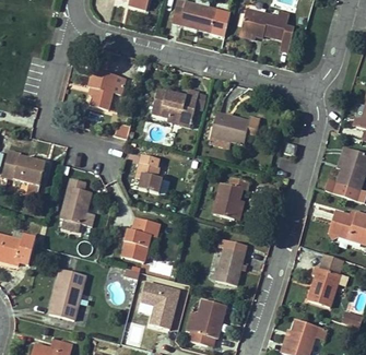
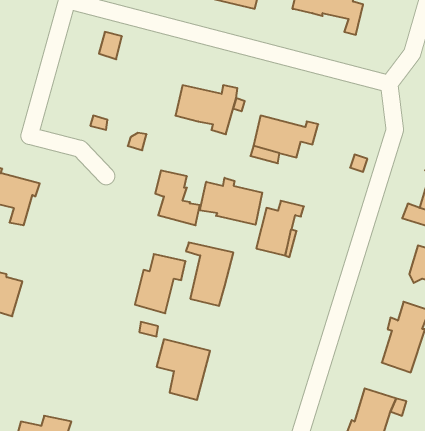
building: [88,69,126,110] -> none
building: none -> [200,178,262,225]
building: [60,178,95,232] -> none
building: [212,237,248,285] -> [186,242,233,306]
building: [49,269,86,320] -> none
building: [186,298,226,346] -> none

